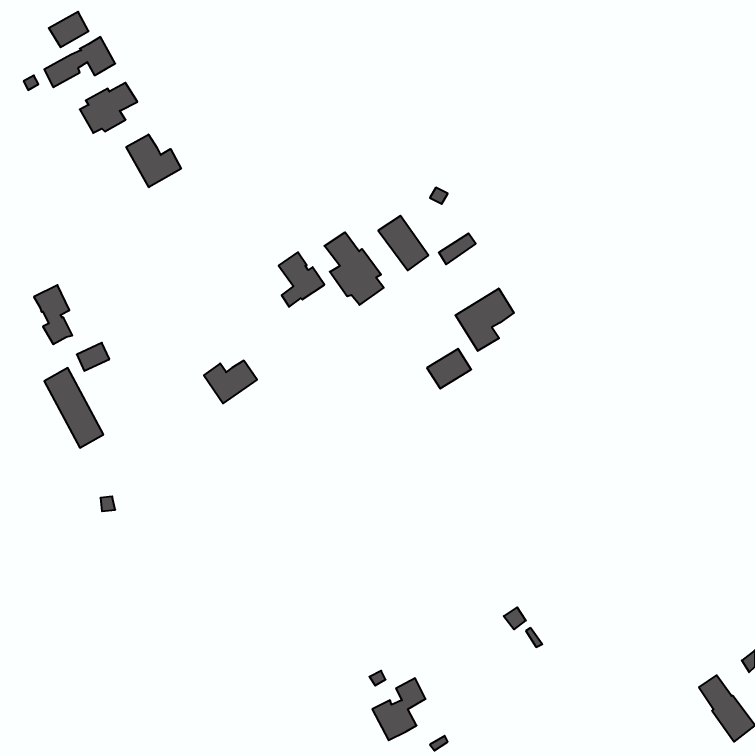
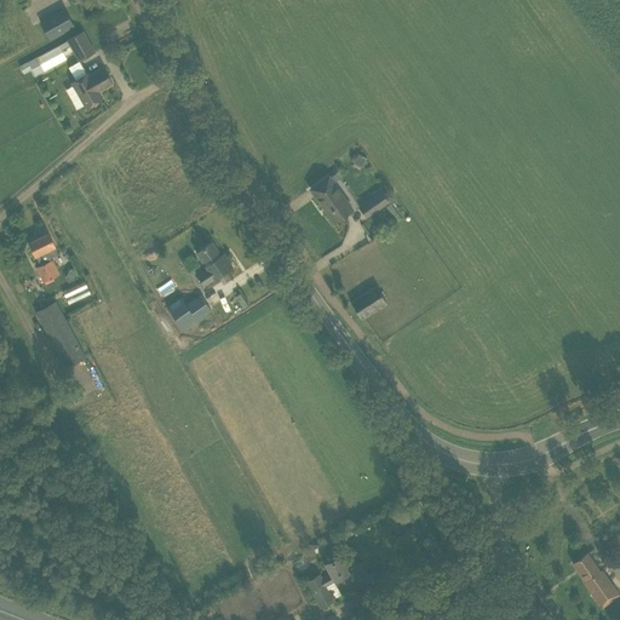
building: [126,134,181,187] -> none
building: [324,232,384,305] -> none
building: [279,252,324,307] -> [195,241,232,286]
building: [455,288,514,351] -> none

